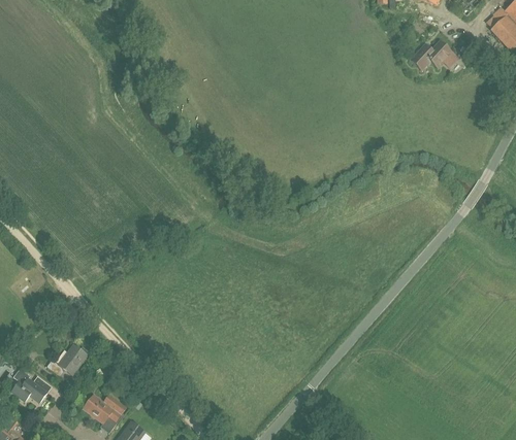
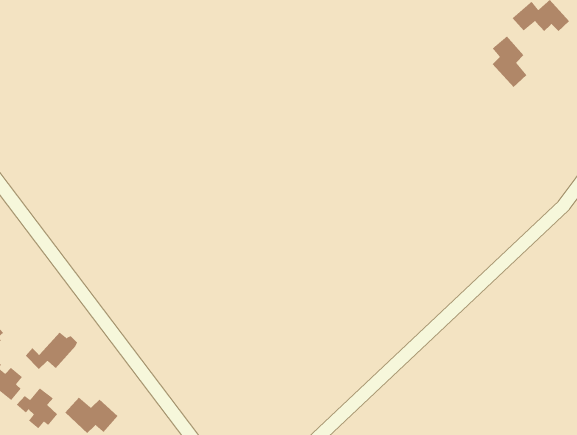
building: none -> [492,35,527,88]
building: none -> [16,388,58,429]

